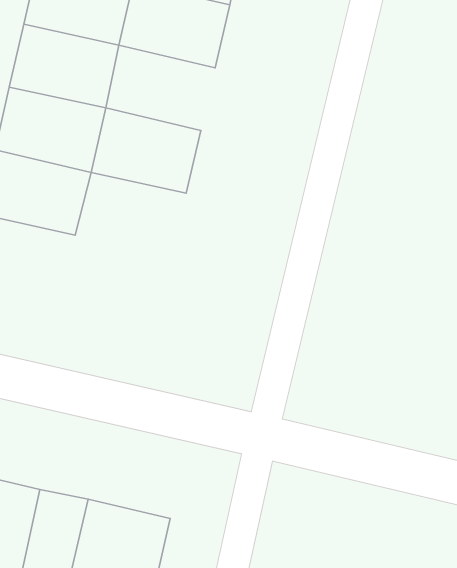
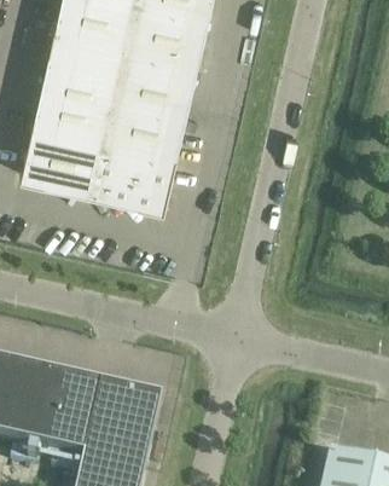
building: none -> [115,46,197,110]
building: none -> [92,141,175,206]

